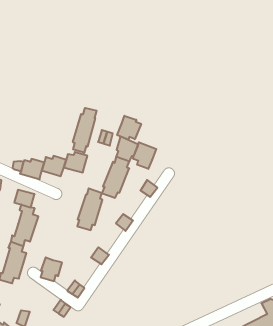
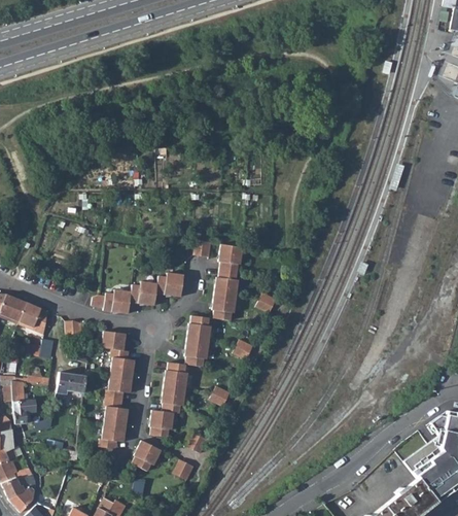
building: [73,108,97,153] -> none
building: [117,116,141,140] -> none
building: [133,142,156,169] -> none
building: none -> [162,363,187,414]
building: none -> [132,441,162,472]

